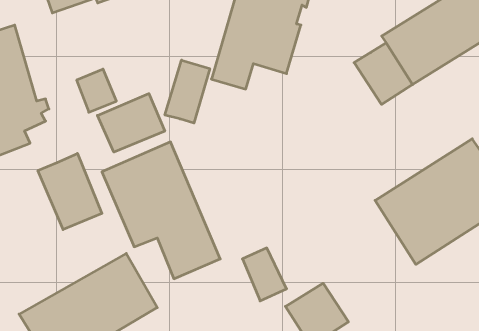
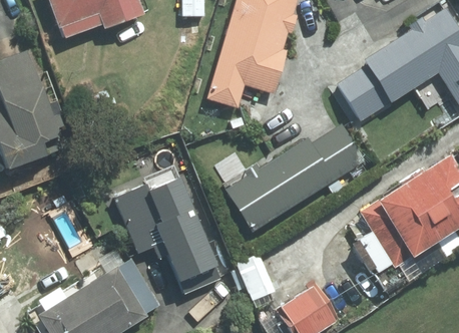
building: [165,60,210,123] -> none
building: [97,94,165,152] -> none
building: none -> [224,123,367,234]
building: [38,153,102,230] -> none

